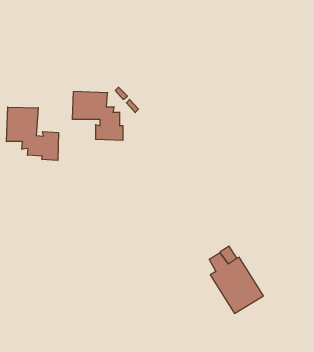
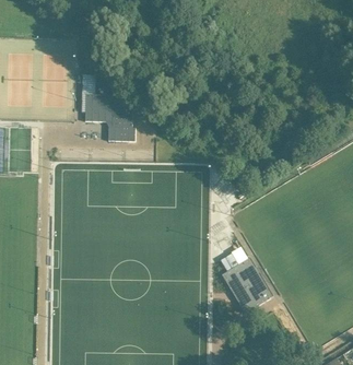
building: [7,107,58,160] -> none

